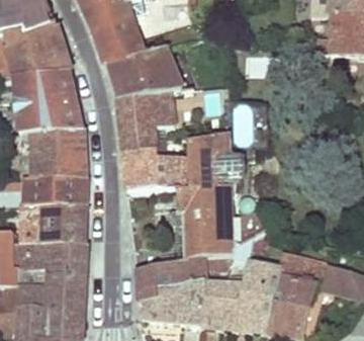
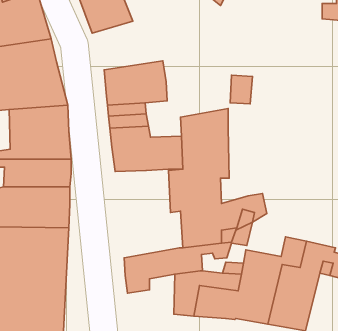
building: [107,48,182,97] -> none
building: [140,284,183,321] -> none

